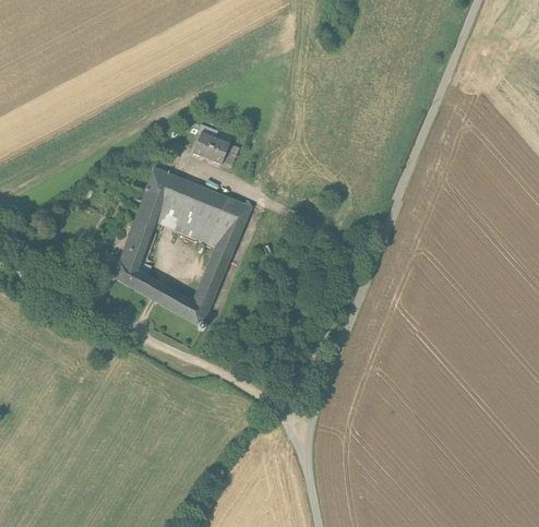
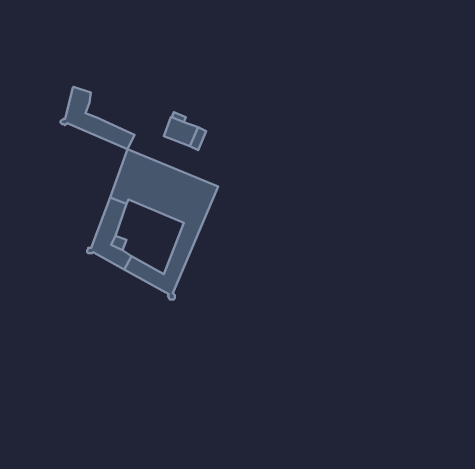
building: none -> [60,87,134,149]

